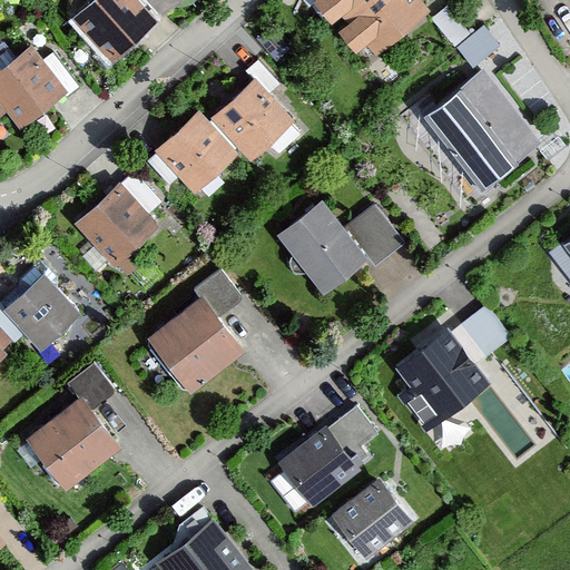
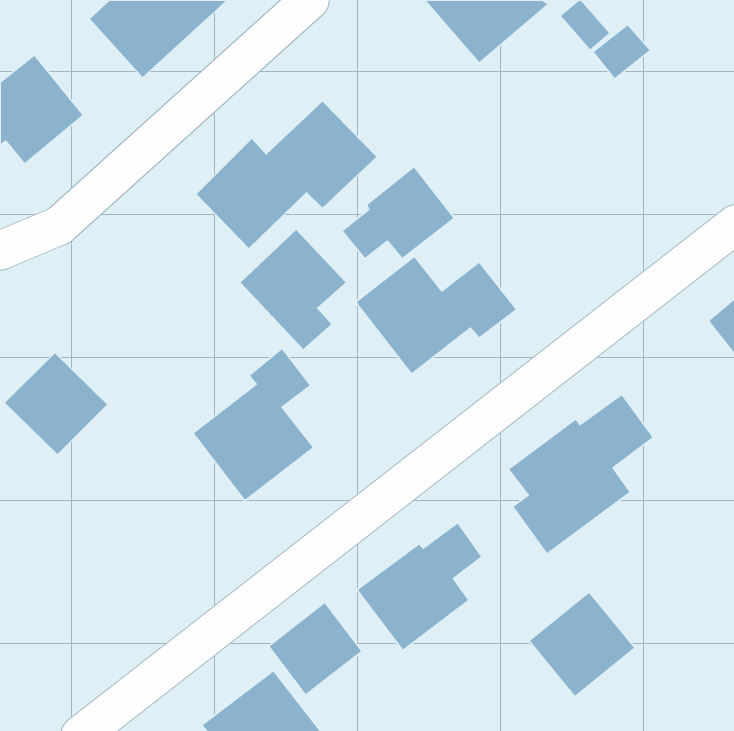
building: [424,70,538,186] -> none
building: none -> [342,166,454,259]
building: [75,185,157,278] -> [240,229,346,350]
building: [29,368,122,487] -> none
building: none -> [268,602,362,695]
building: [333,478,415,559] -> [529,592,635,697]

